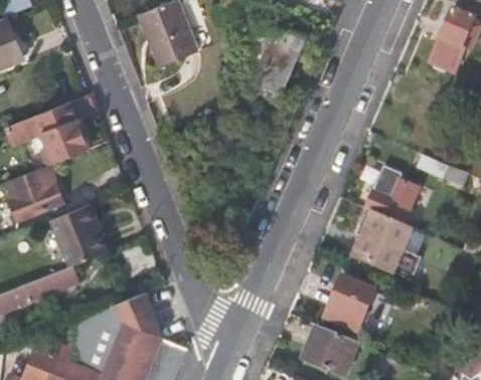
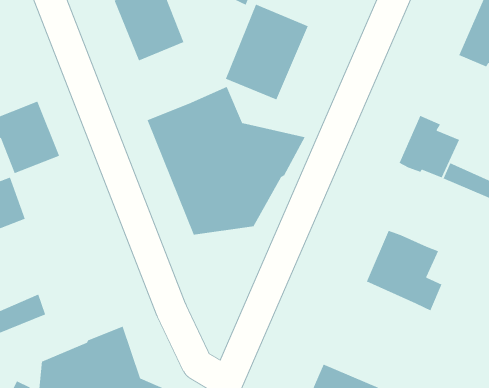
building: none -> [147,86,306,236]
building: [362,165,415,219] -> [398,115,460,179]
building: [51,203,110,265] -> none
building: [323,275,376,334] -> none

